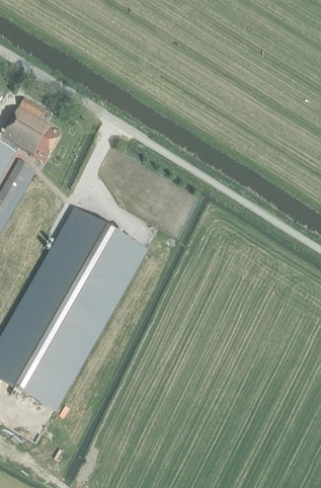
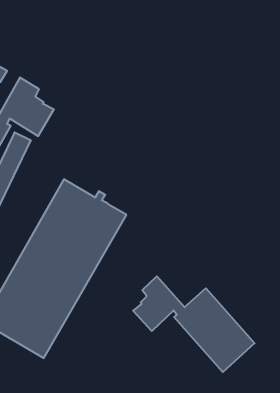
building: none -> [133,276,255,372]

